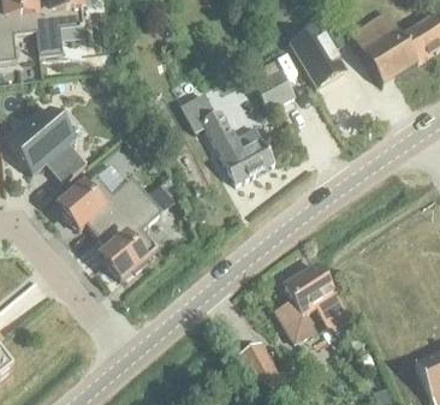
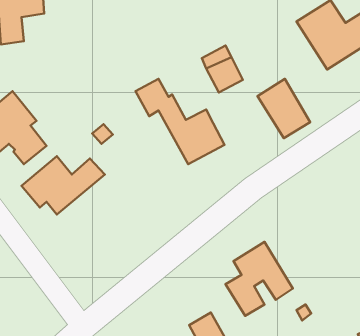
building: [289,23,344,85] -> [258,79,310,138]
building: [96,181,171,278] -> none

